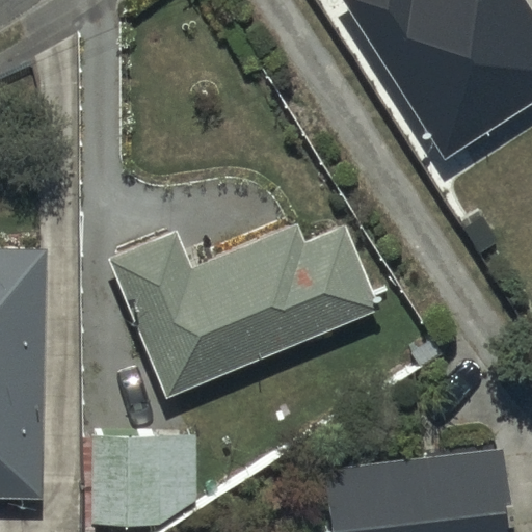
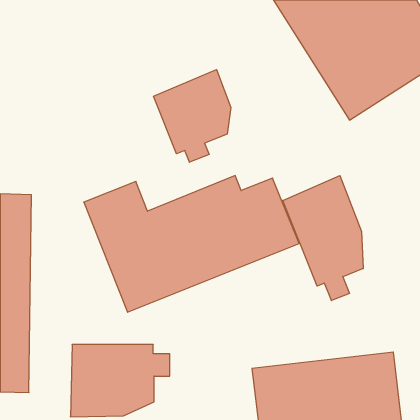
building: none -> [154,70,231,162]
building: none -> [283,176,363,301]

